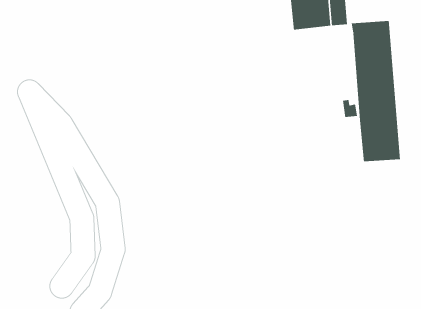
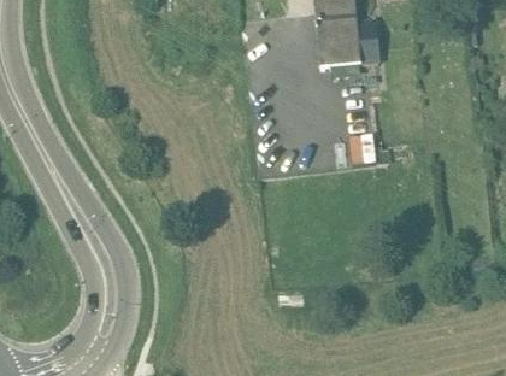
building: [351,20,401,162] -> none

